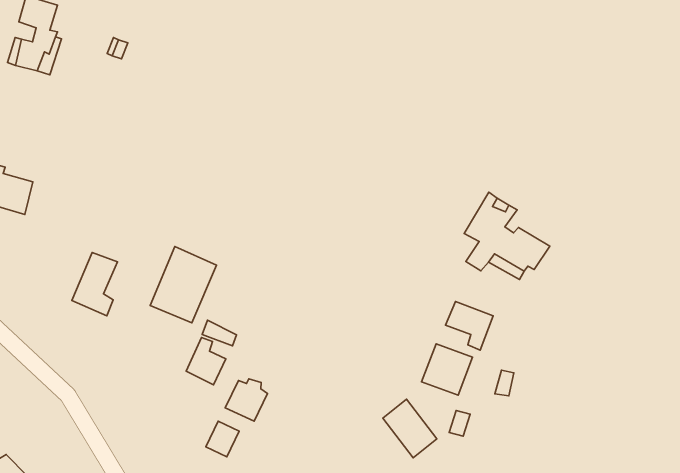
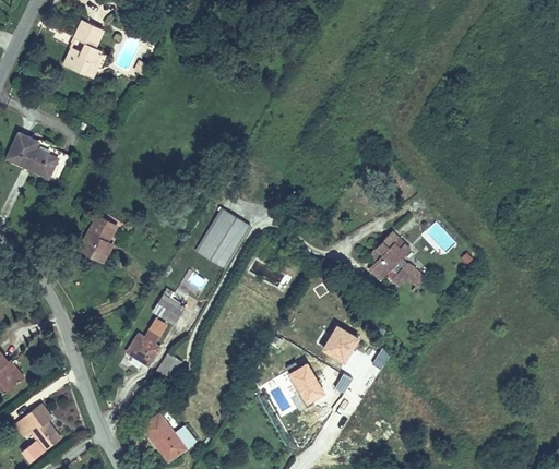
building: [150,247,217,323] -> [194,208,248,266]
building: [445,301,493,350] -> none
building: [225,379,267,421] -> [124,337,157,369]

